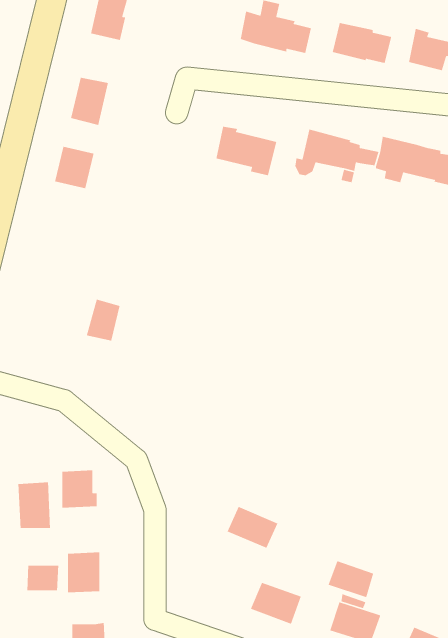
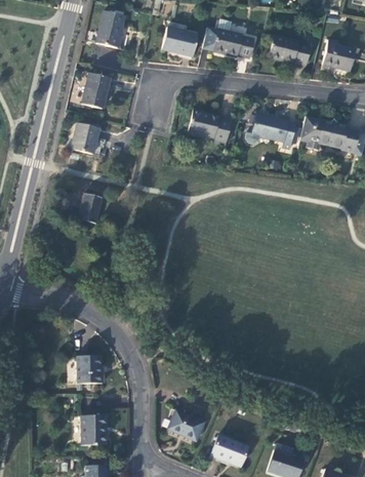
building: none -> [162,27,199,57]
building: [86,298,120,342] -> [79,193,104,224]
building: [18,482,51,529] -> none
building: [227,506,278,549] -> [167,408,204,439]
building: [328,560,374,598] -> none
building: [26,565,59,591] -> none

